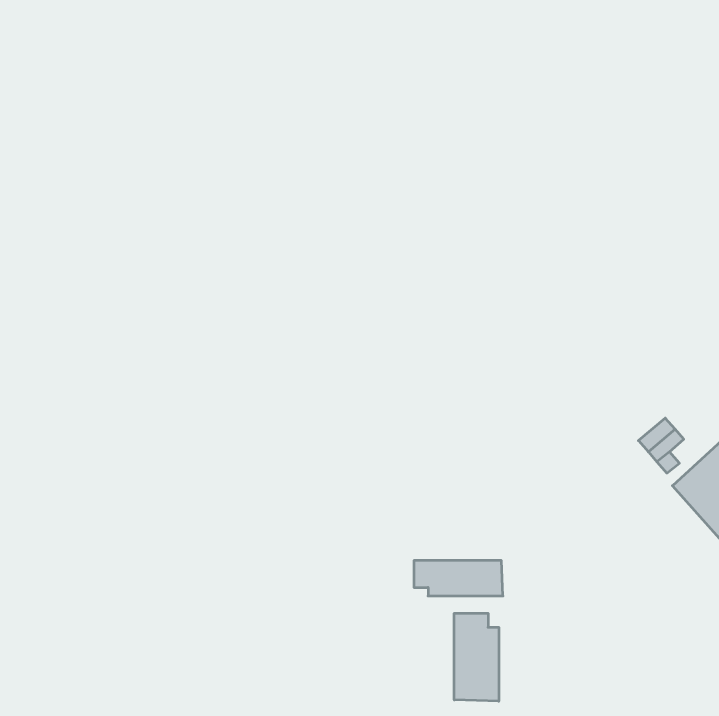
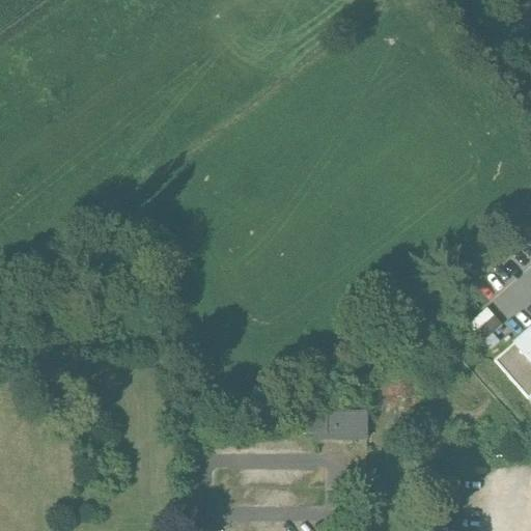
building: [454,613,499,701] -> none

